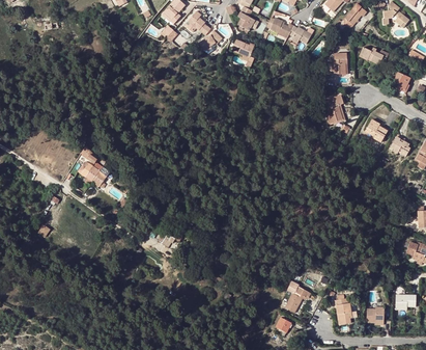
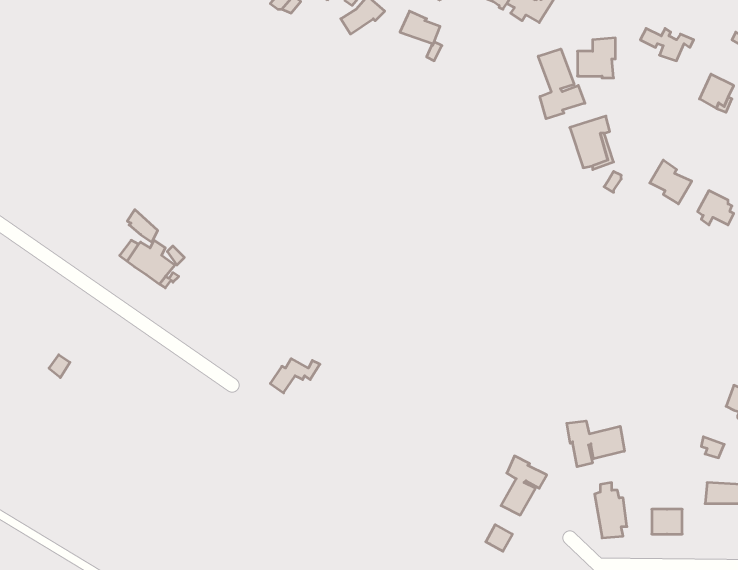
building: none -> [538,49,585,119]
building: none -> [567,421,624,467]

